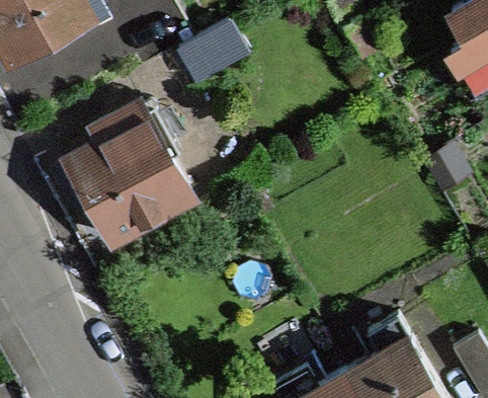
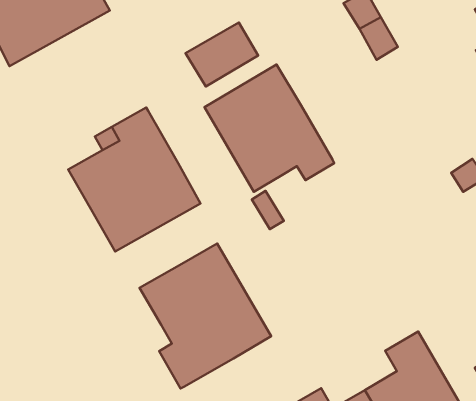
building: none -> [204,64,334,192]
building: none -> [140,243,271,388]

